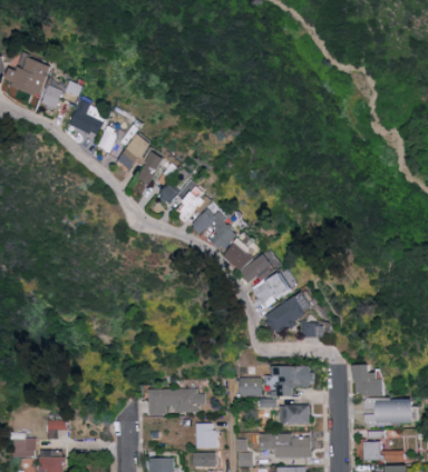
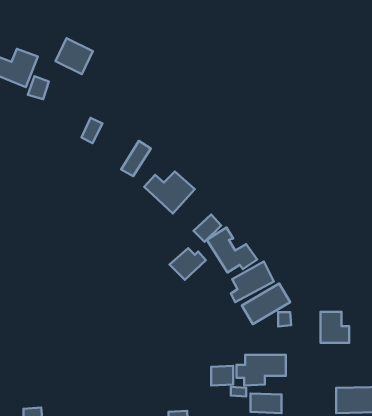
building: [75,100,113,137] -> [56,38,93,74]
building: [123,132,158,169] -> none
building: [197,208,234,240] -> [170,248,206,280]
building: [353,365,382,396] -> [321,312,349,343]
building: [147,390,202,416] -> none

